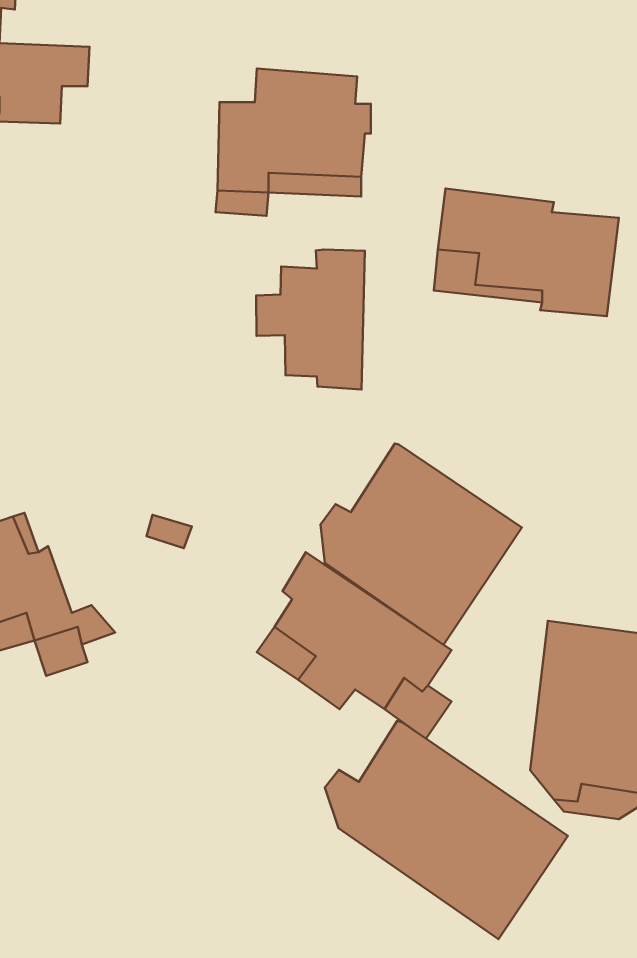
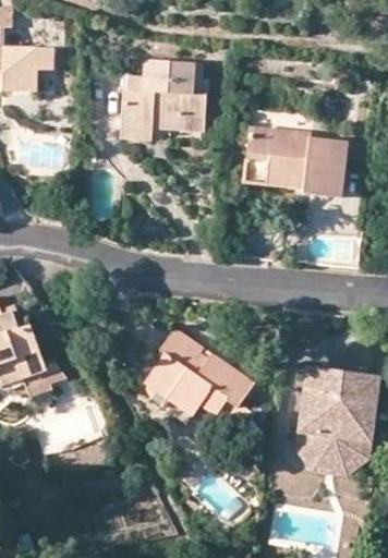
building: [256,250,365,389] -> none
building: [320,444,522,645] -> none
building: [325,721,568,939] -> none

